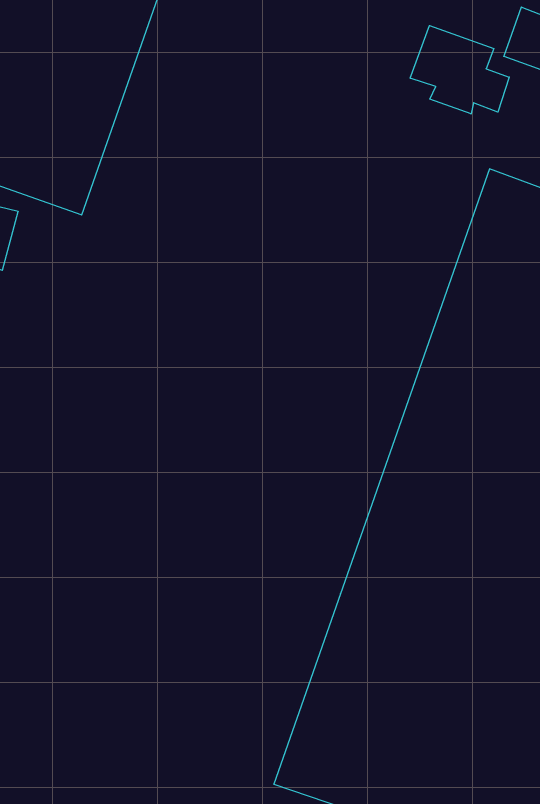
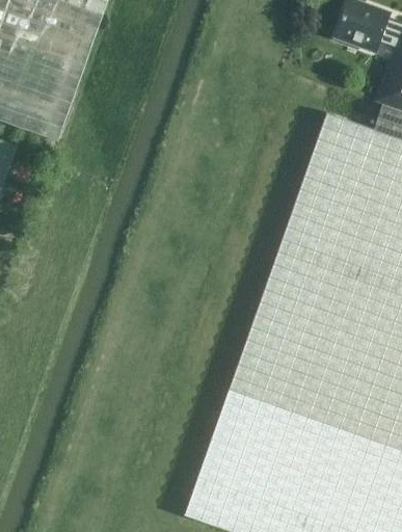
building: [410,26,509,114] -> none

